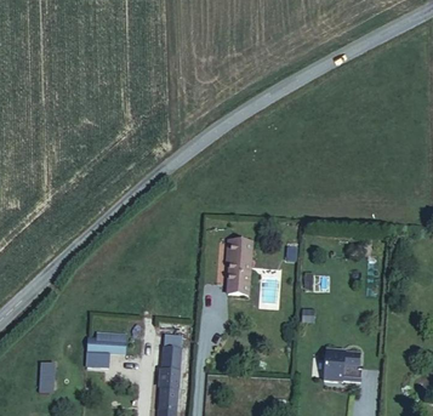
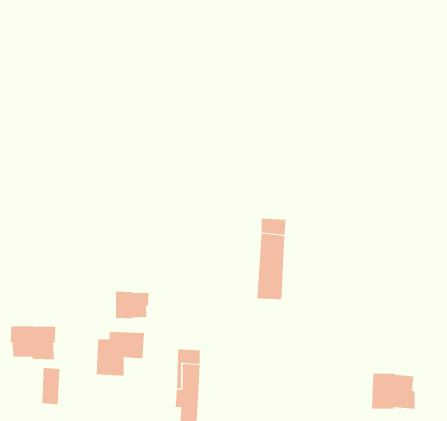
building: none -> [115,291,149,319]
building: none -> [10,325,56,360]

